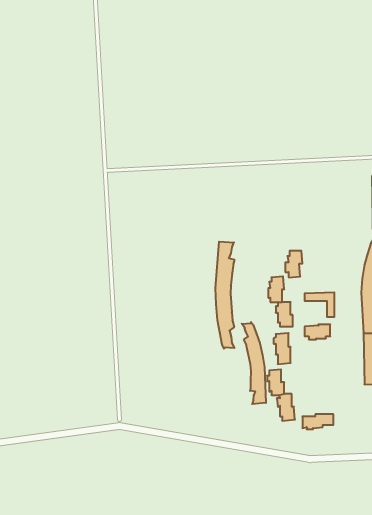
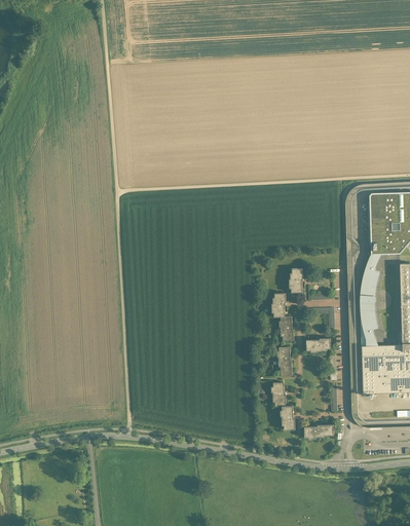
building: [216,242,234,349] -> none
building: [242,322,266,404] -> none

